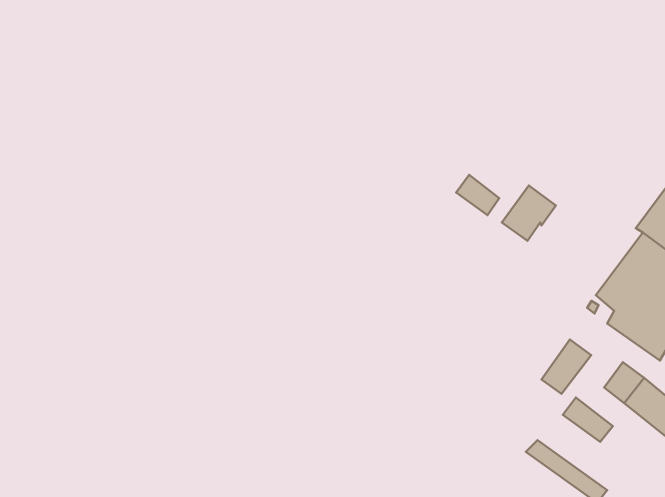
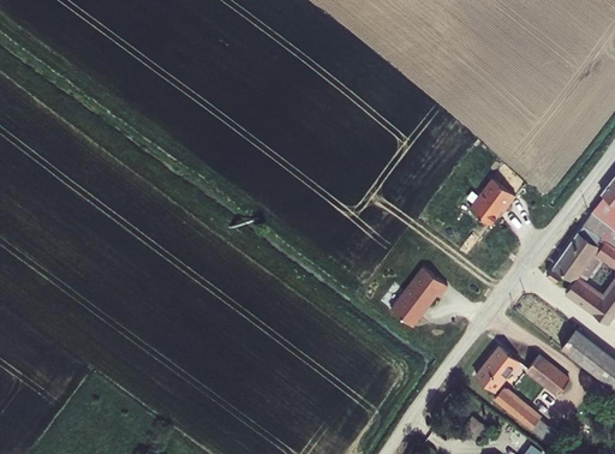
building: [456,175,499,215] -> none
building: none -> [395,265,452,324]
building: [541,340,591,394] -> [474,346,517,392]

